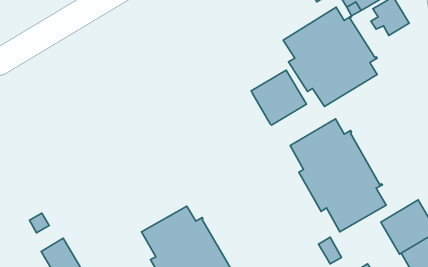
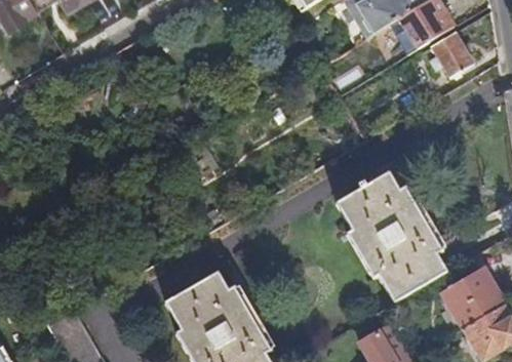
building: [283,7,377,106] -> none
building: [251,70,306,125] -> none

